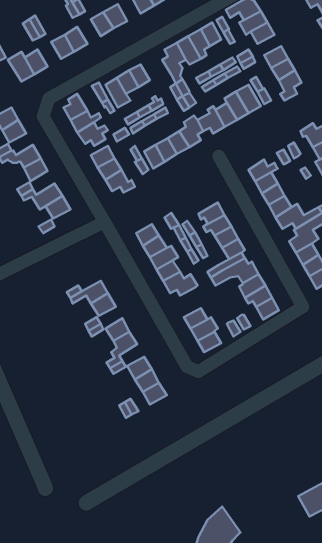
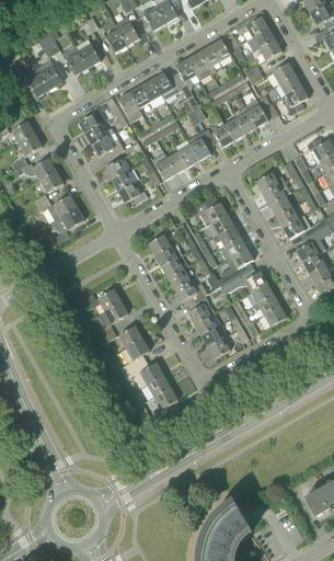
building: none -> [152,71,182,99]
building: none -> [195,194,227,225]
building: none -> [187,295,215,323]

